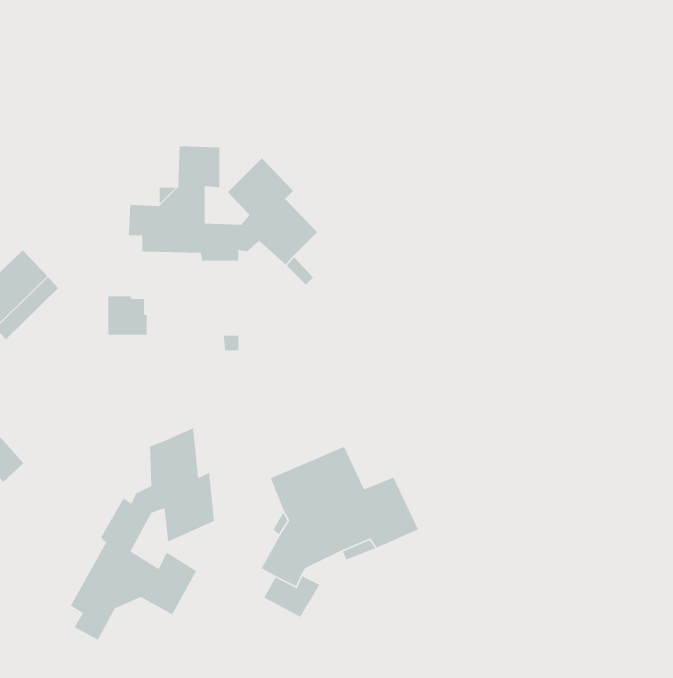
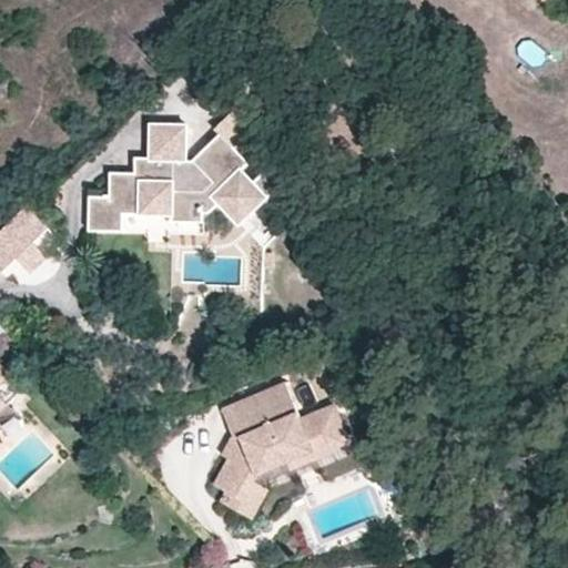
building: [107,295,147,335] -> [87,197,120,231]
building: [70,427,215,641] -> none

